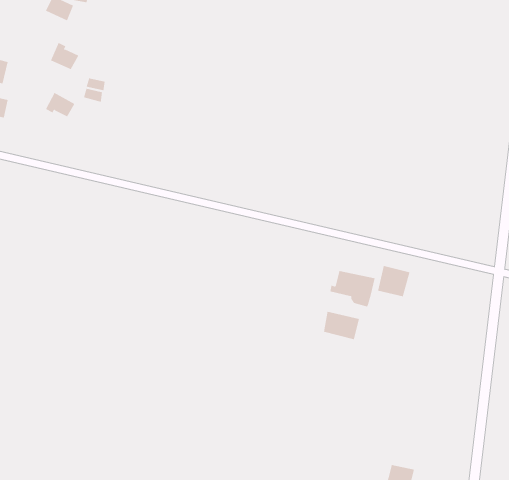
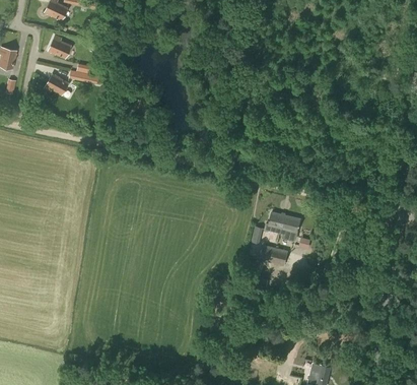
building: [377,265,410,297] -> none

